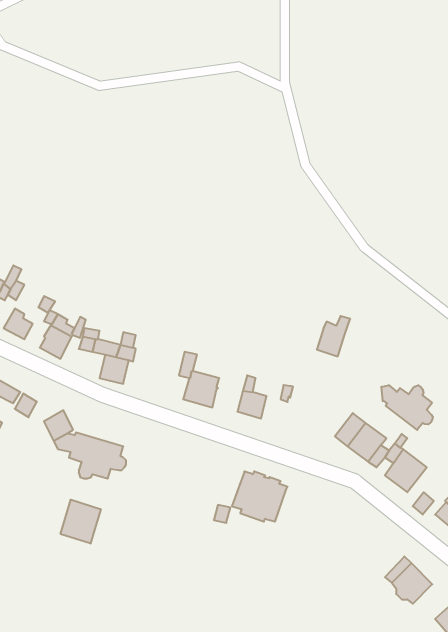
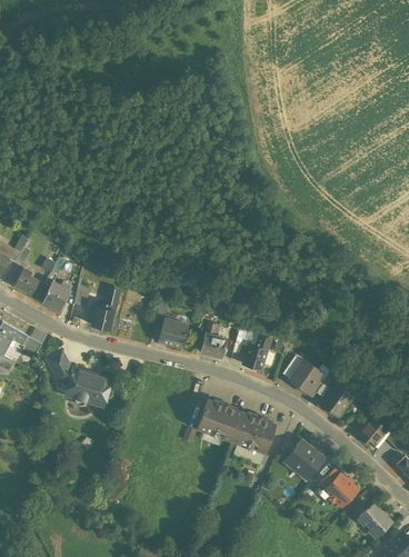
building: [317,316,350,356] -> [243,337,270,369]
building: [381,385,433,430] -> none
building: none -> [231,411,275,451]
building: [61,500,101,544] -> none
building: none -> [287,440,321,477]

